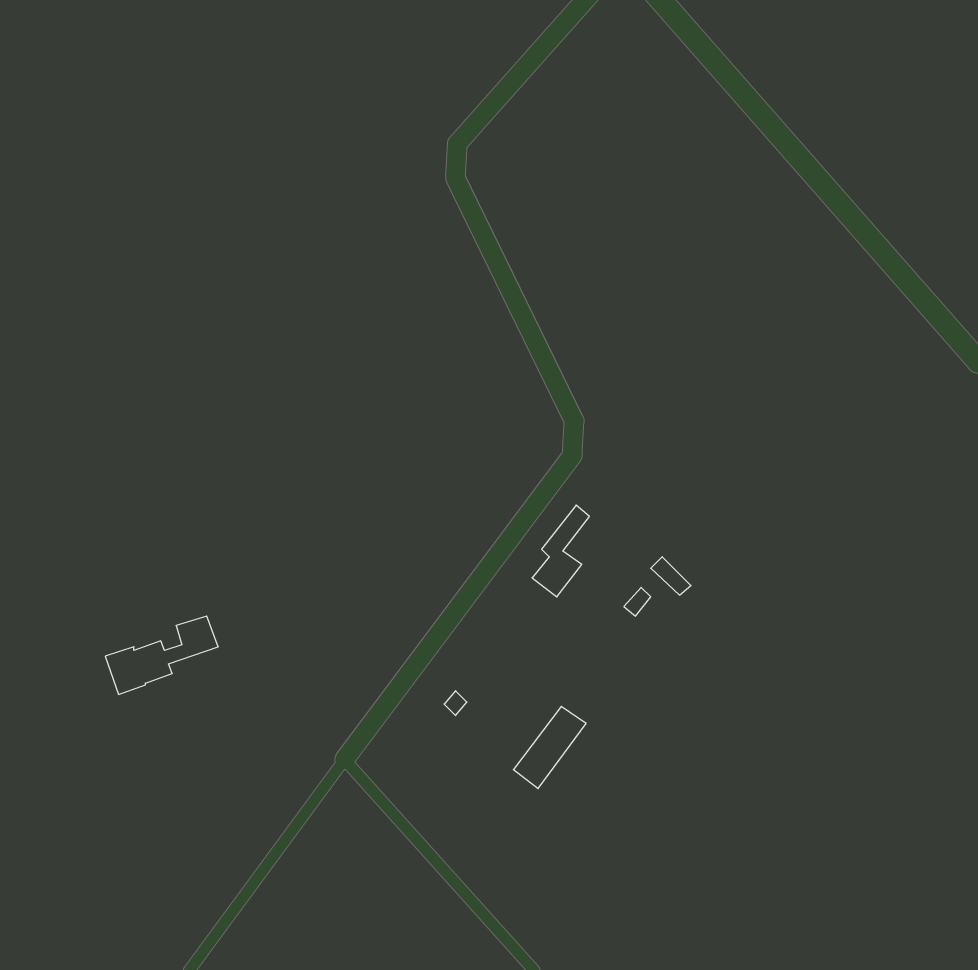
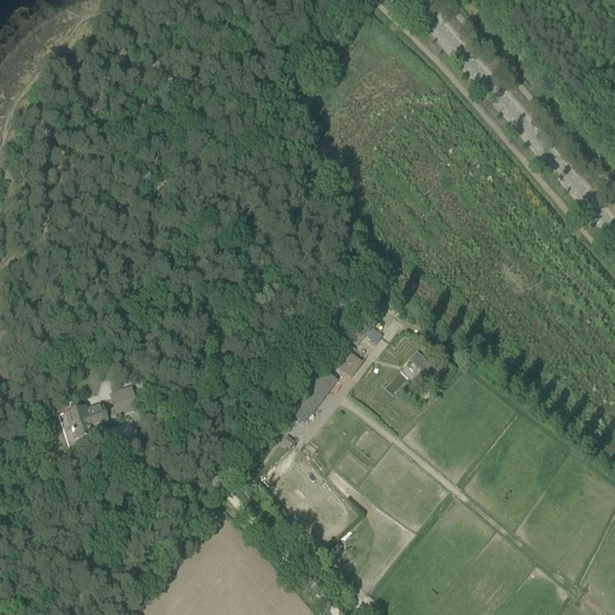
building: [513,706,586,789] -> [289,369,335,420]

